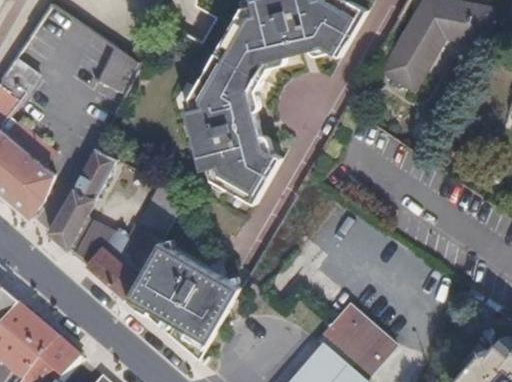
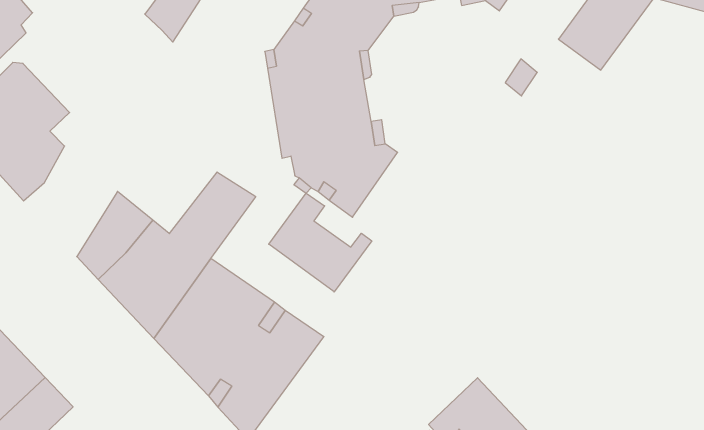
building: [49,153,114,253] -> none
building: none -> [269,193,372,292]

